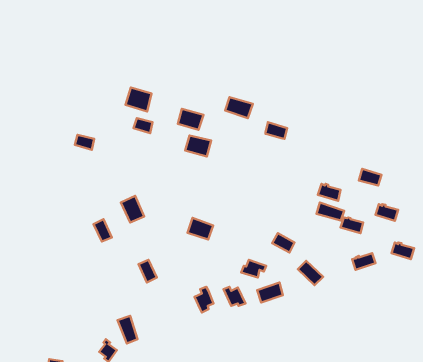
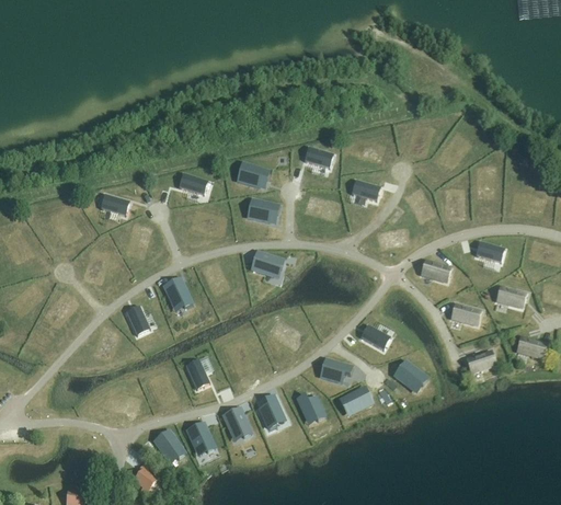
building: [126,87,152,111] -> none
building: [316,202,344,221] -> none
building: [187,218,213,240] -> [251,249,285,277]
building: none -> [222,406,253,441]
building: none -> [185,421,217,456]

